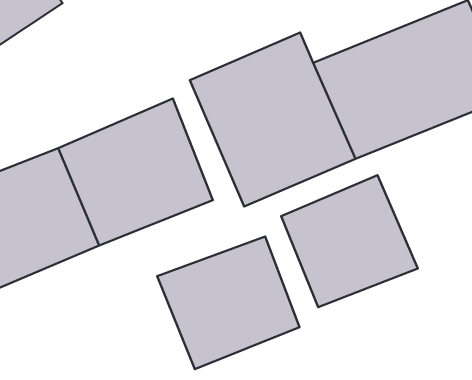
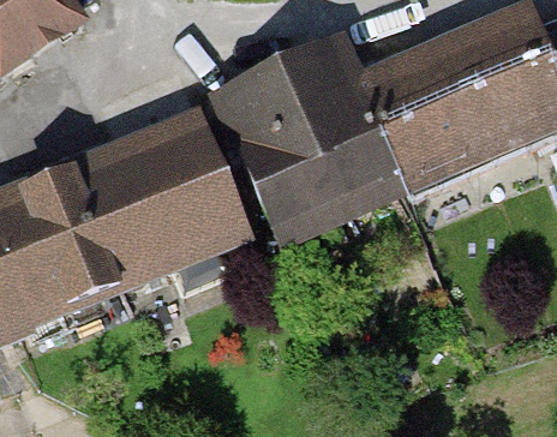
building: [281,175,418,307] -> none
building: [157,236,300,369] -> none

